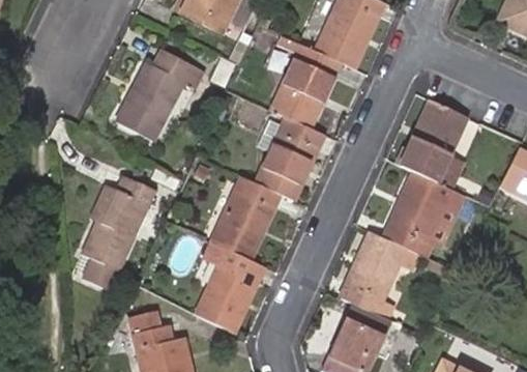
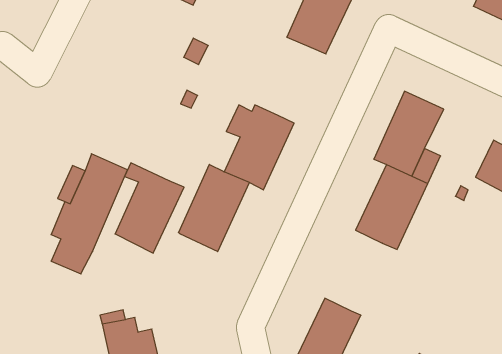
building: [118,41,206,134] -> none
building: [268,45,339,130] -> none
building: [339,236,408,320] -> none
building: [195,245,262,333] -> [115,163,184,253]

